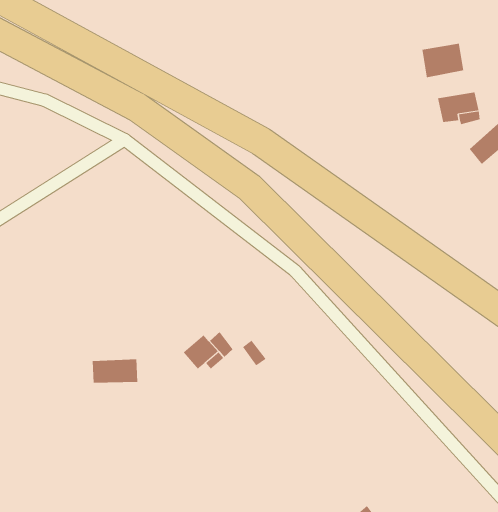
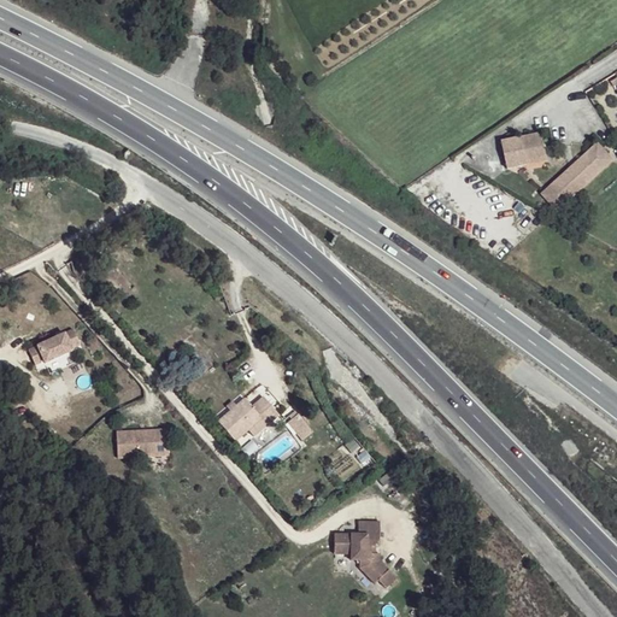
building: [422,43,464,78] -> none
building: none -> [31,328,83,362]
building: none -> [333,523,394,589]

